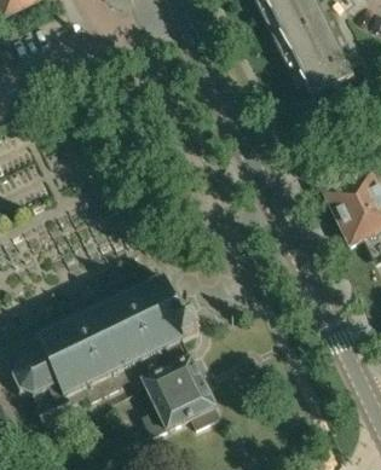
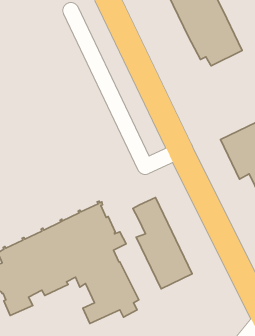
building: none -> [133,198,192,289]

